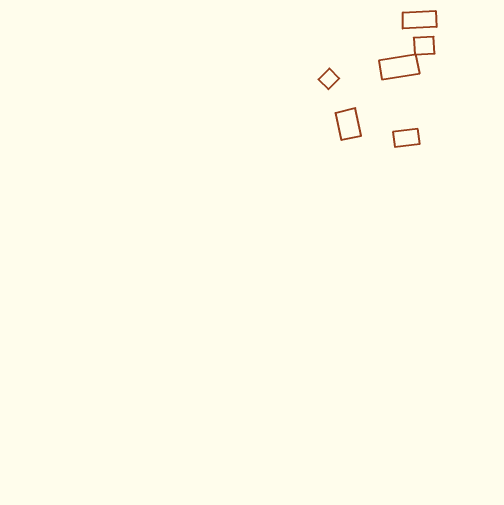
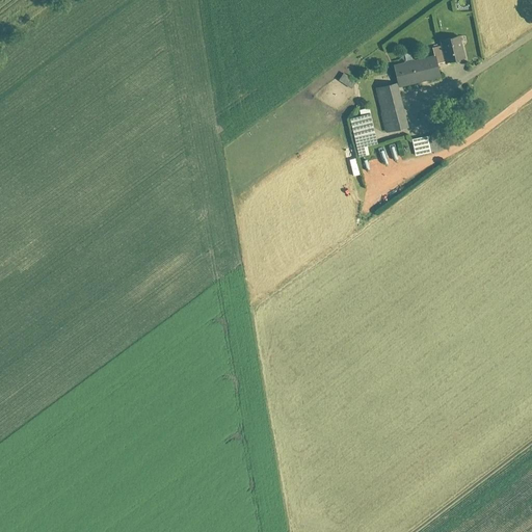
building: [403,11,437,29] -> none
building: none -> [376,83,406,133]

